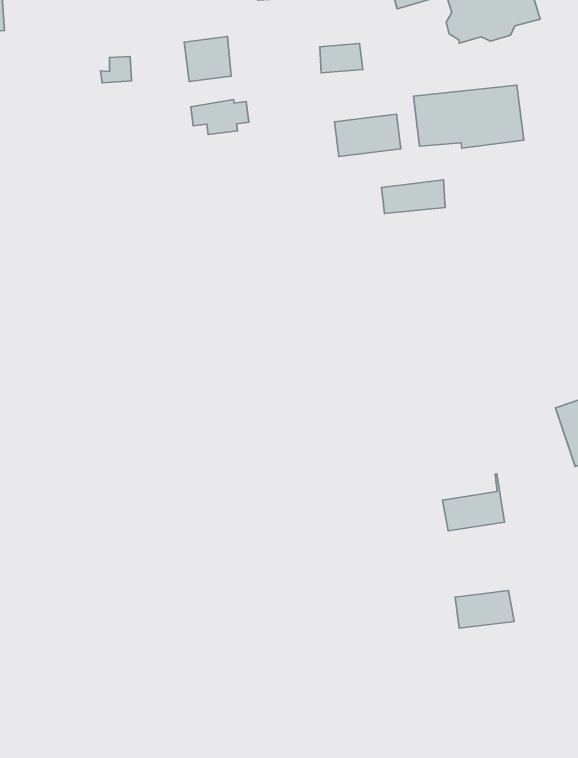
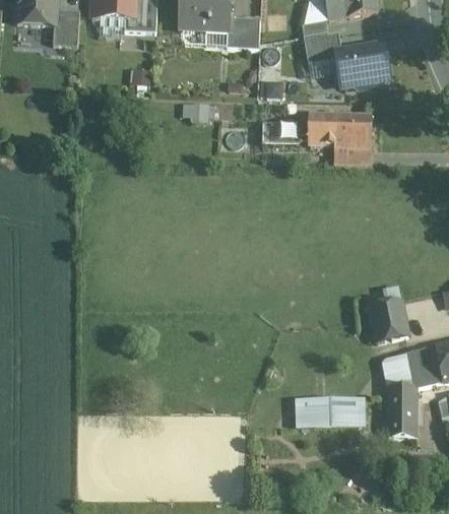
building: [184,37,231,81] -> none
building: [381,180,445,213] -> [334,147,371,164]
building: [442,474,505,531] -> [329,396,364,426]

